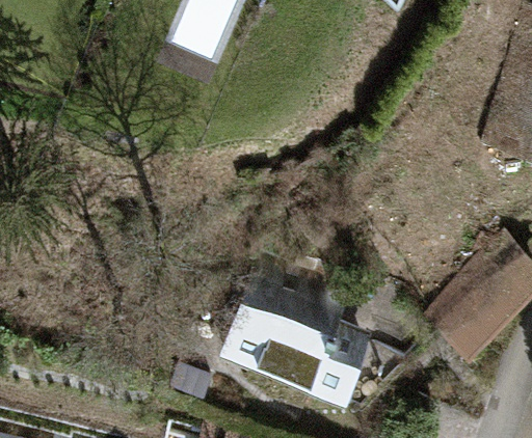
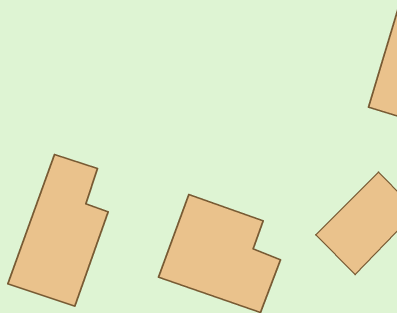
building: none -> [8,154,108,306]

